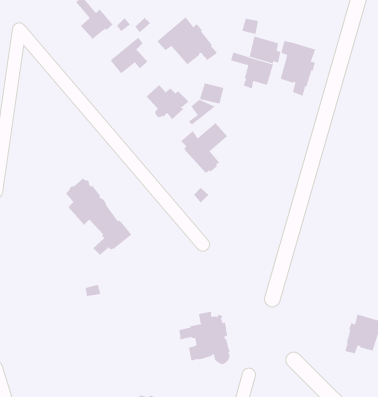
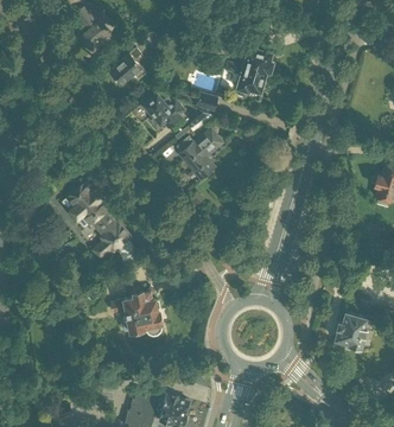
building: [156,16,218,65] -> none
building: [280,40,316,97] -> none
building: [178,311,231,365] -> [112,286,161,337]

